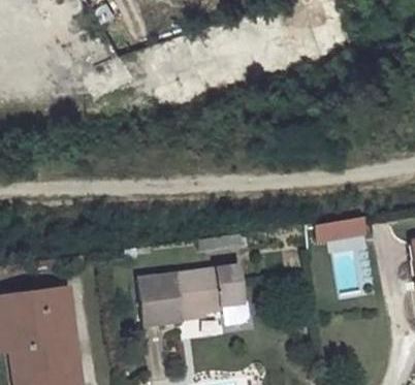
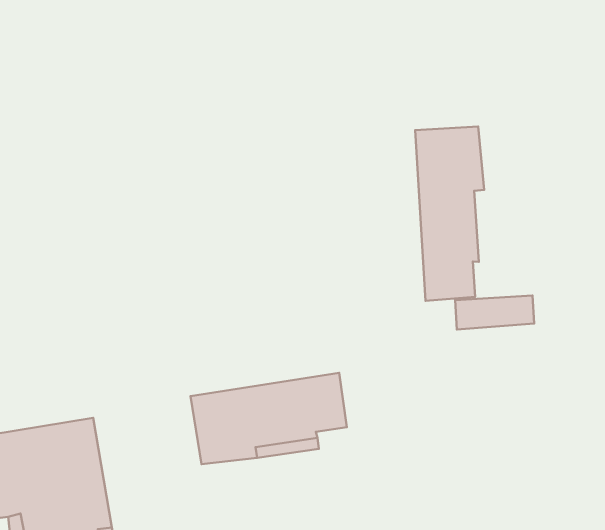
building: none -> [415,127,484,301]

